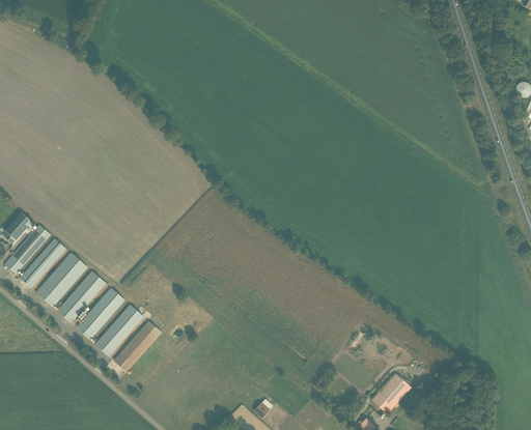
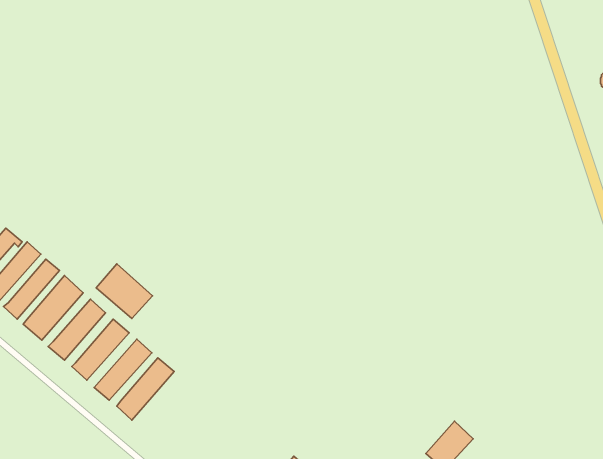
building: none -> [96,264,153,318]

